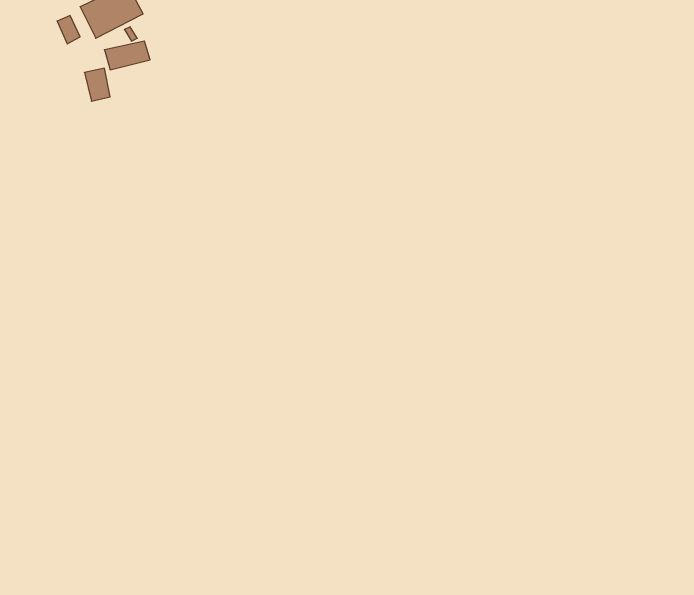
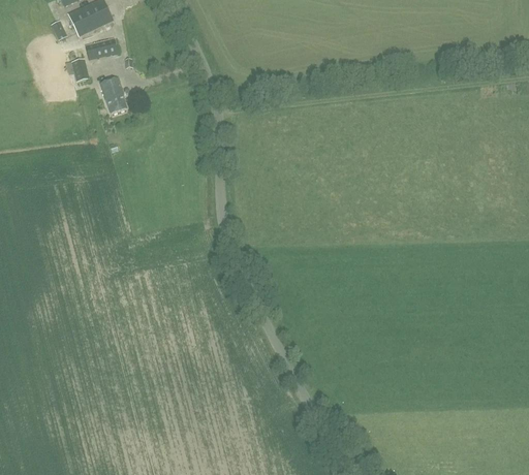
building: none -> [99,75,127,113]

